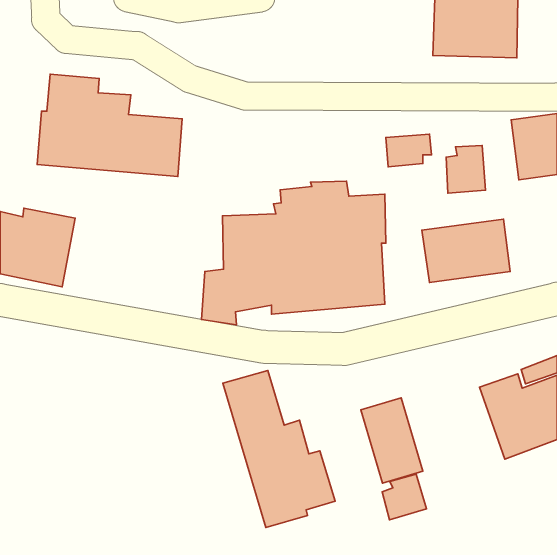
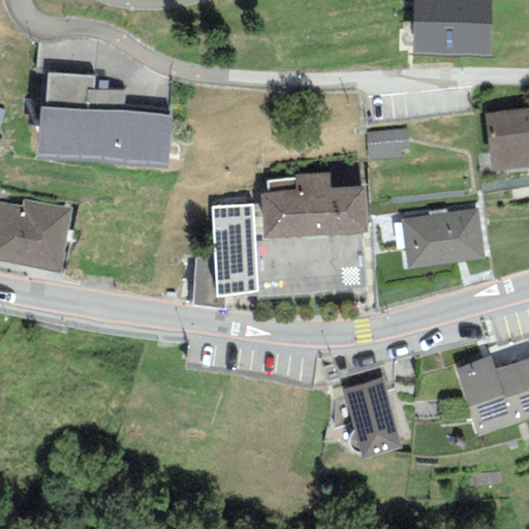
building: [446,145,486,193] -> none
building: [223,370,335,528] -> none
building: [382,474,426,520] -> none

